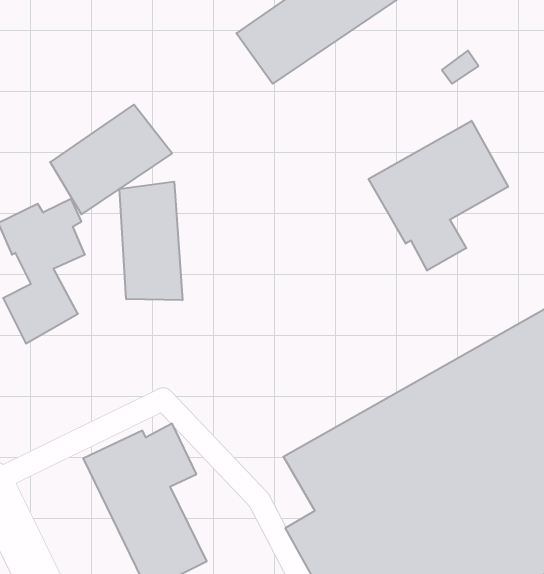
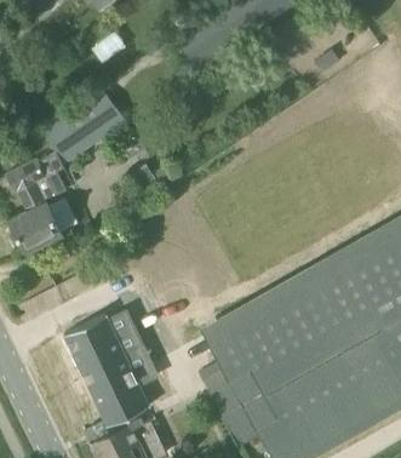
building: [369,121,508,271] -> none
building: [119,182,182,300] -> none

